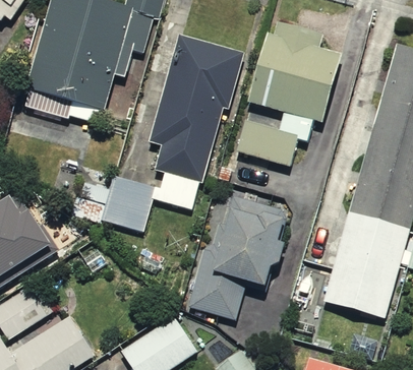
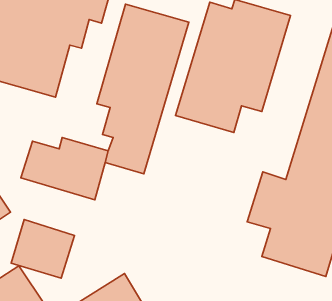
building: [187,193,289,320] -> none
building: none -> [11,220,74,278]

